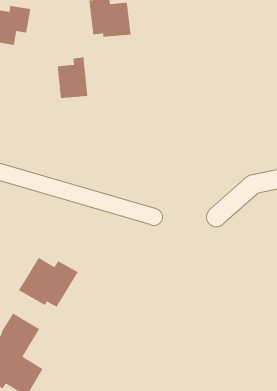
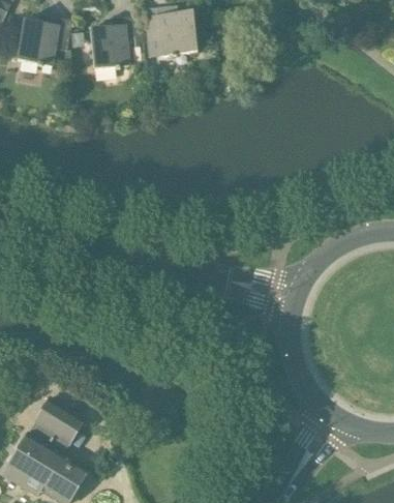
building: [57,57,88,99] -> [90,17,129,69]
building: [18,257,79,308] -> none

